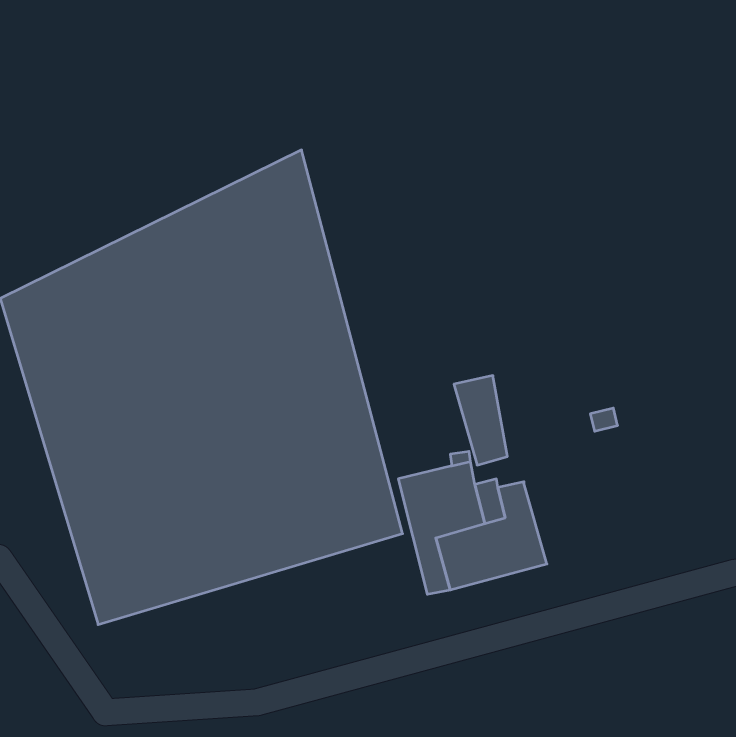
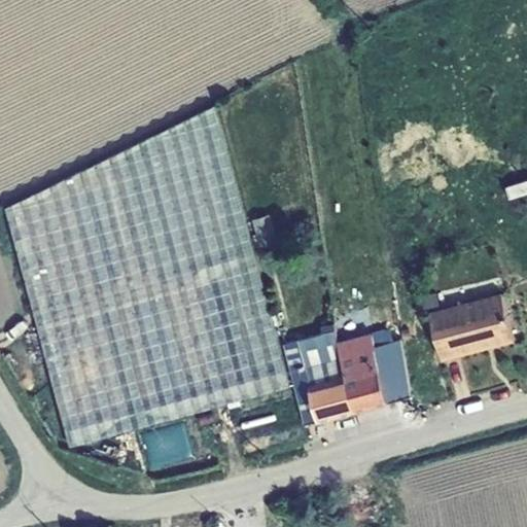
building: [454,376,507,465] -> [374,339,412,402]
building: none -> [429,291,515,358]

